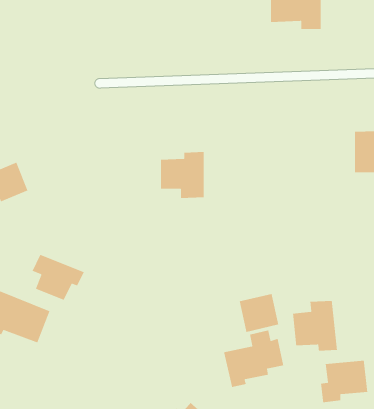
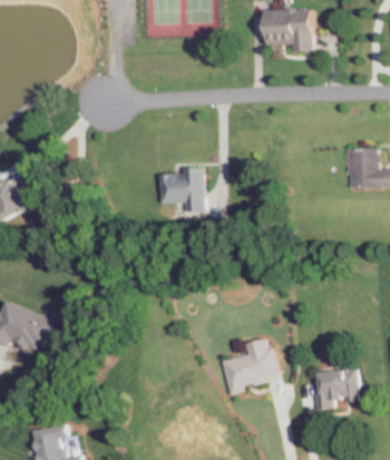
building: [32,254,85,301] -> none
building: [239,293,279,333] -> none
building: [292,300,338,351] -> none

